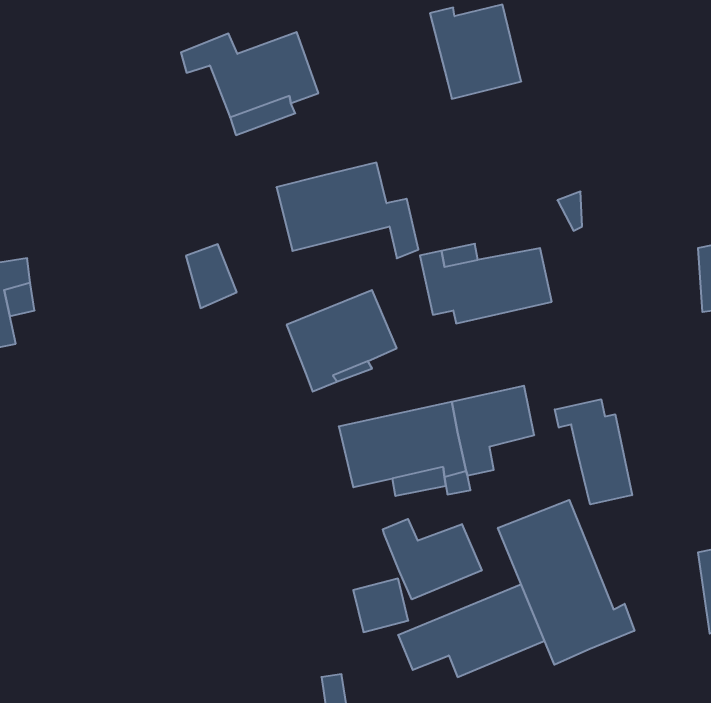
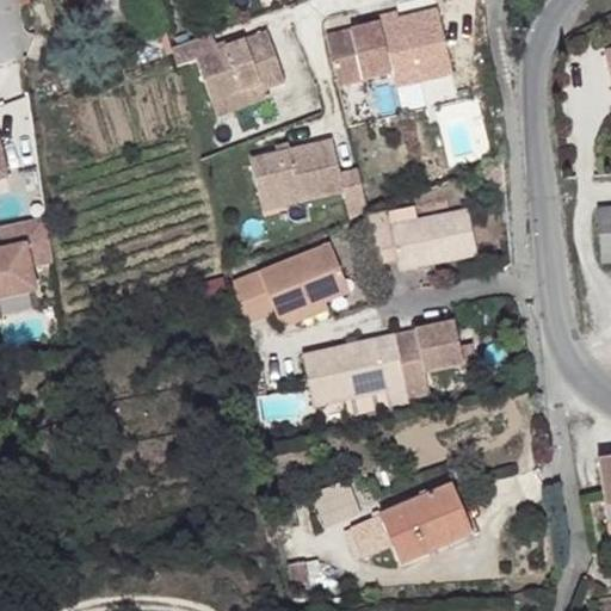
building: none -> [326,14,391,85]
building: [186,244,237,308] -> [233,271,274,323]
building: [555,399,632,504] -> none
building: [498,500,634,665] -> none
building: [383,519,482,599] -> none

